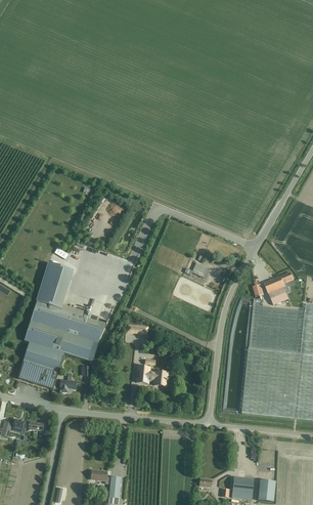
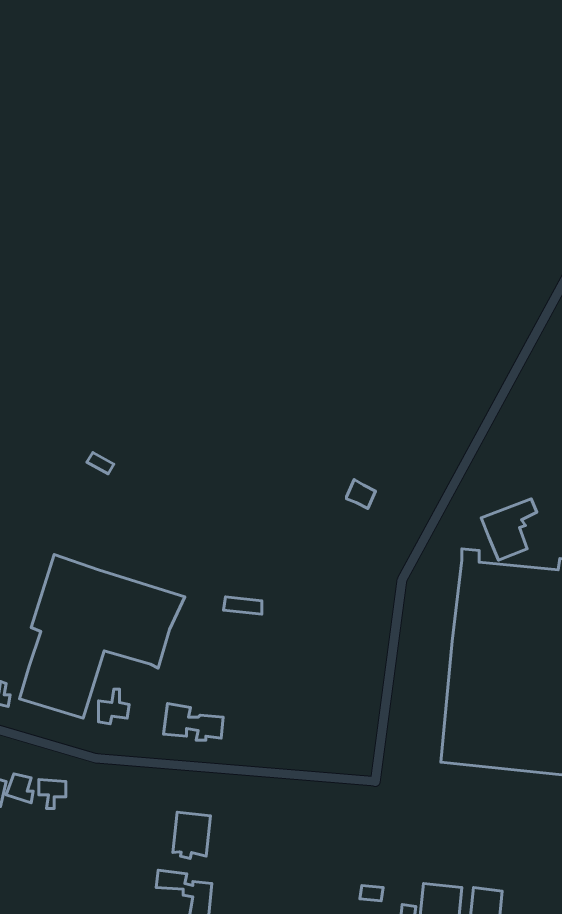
building: [37,261,74,309] -> none
building: [136,365,168,384] -> [164,704,223,740]
building: none -> [173,812,211,859]

